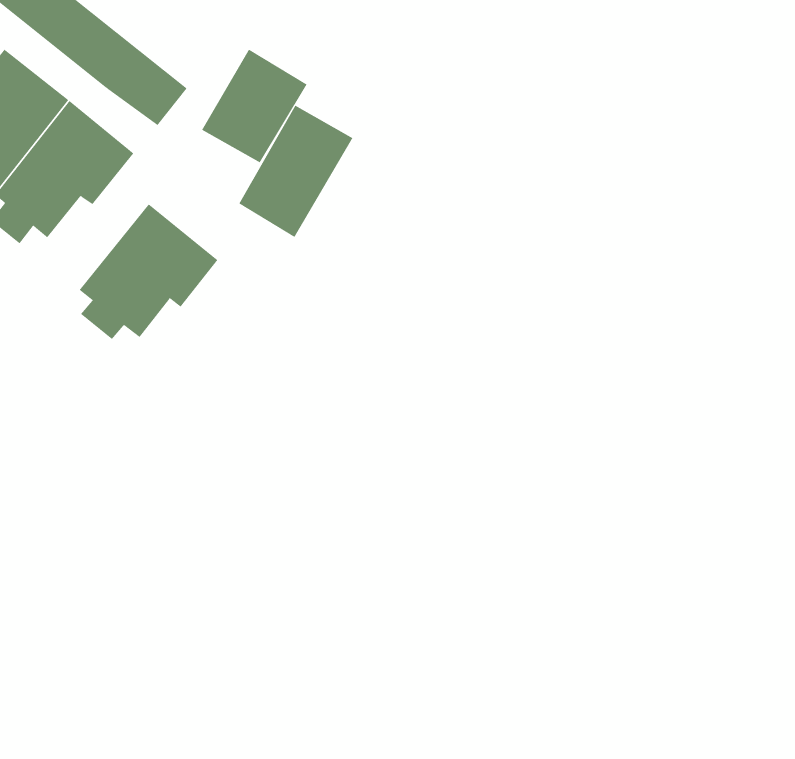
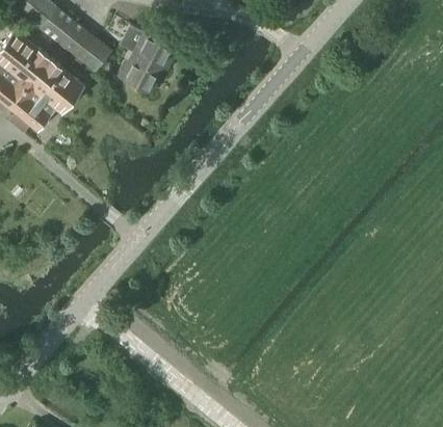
building: [239,105,353,238] -> none
building: [79,204,218,340] -> none

